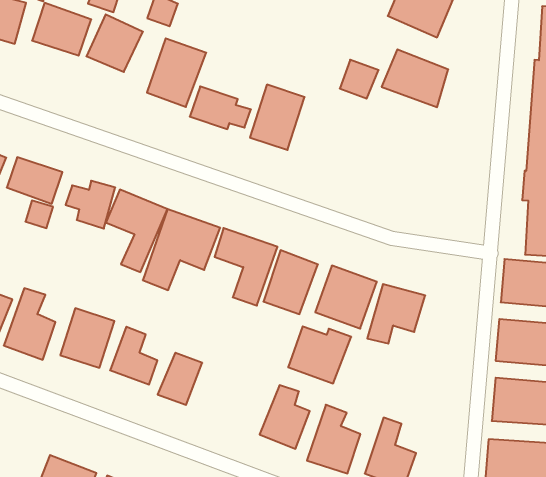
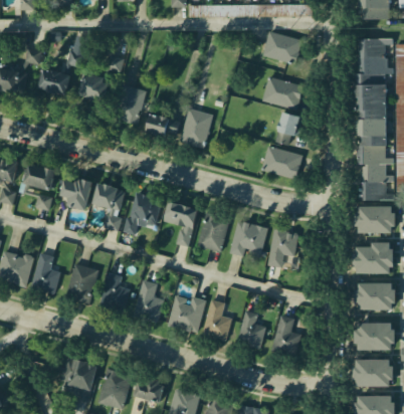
building: [340,60,379,99] -> [276,111,300,135]
building: none -> [262,146,302,179]
building: [288,326,351,383] -> [168,296,207,332]

